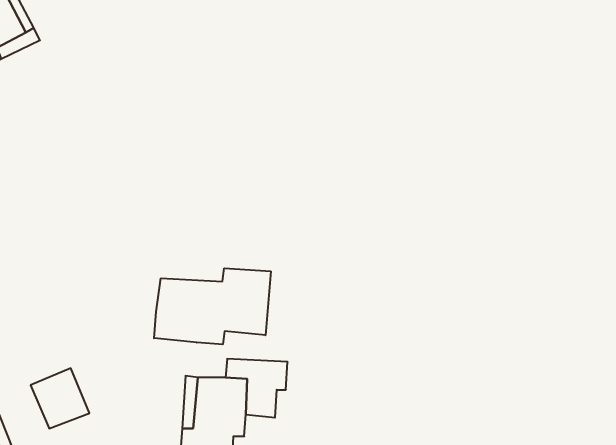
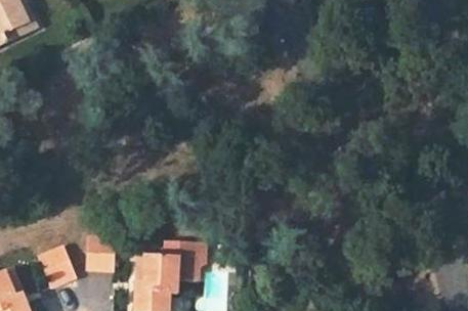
building: [154,268,271,344] -> none
building: none -> [82,237,111,272]

